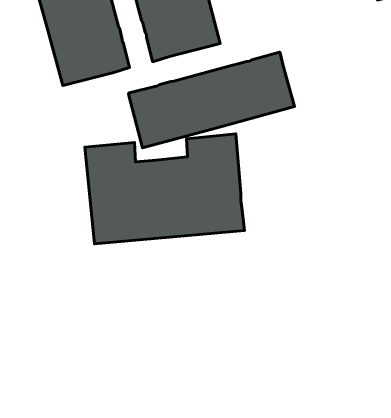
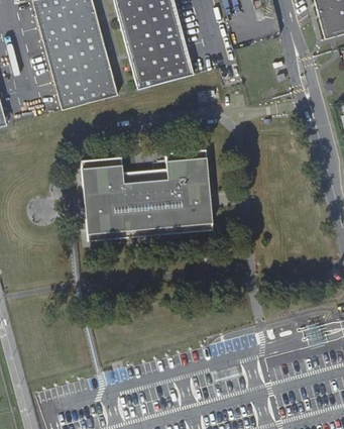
building: [128,52,294,148] -> none

